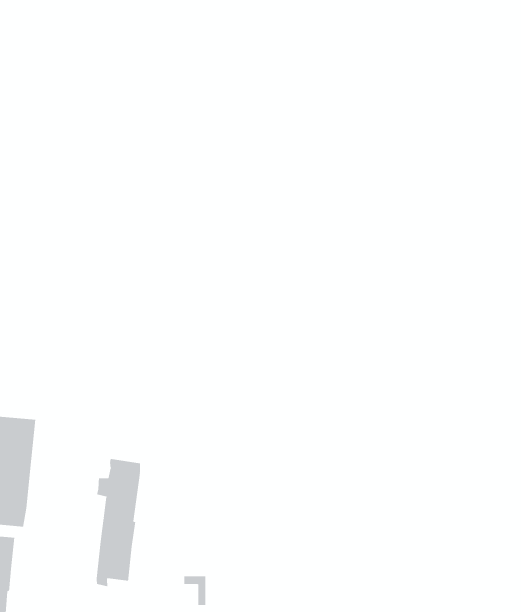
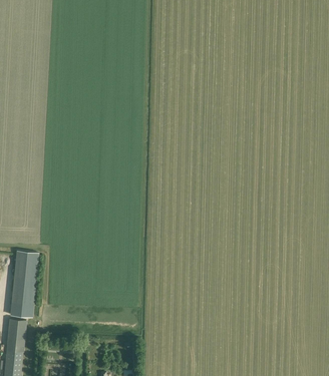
building: [96,458,141,587] -> none

